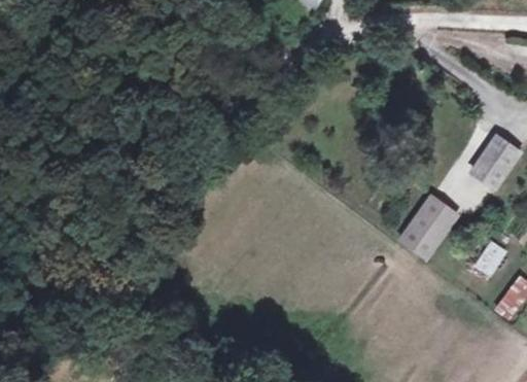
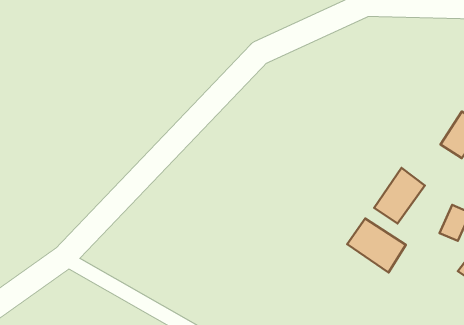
building: none -> [347,219,406,273]

